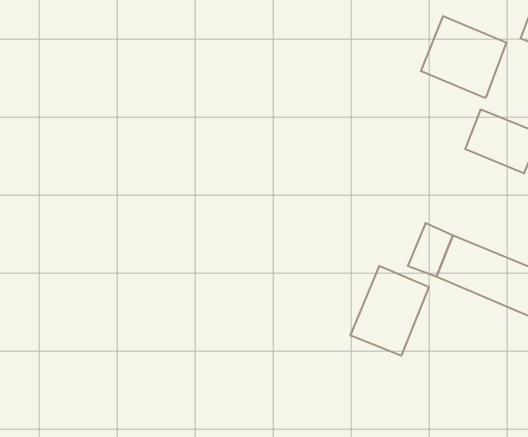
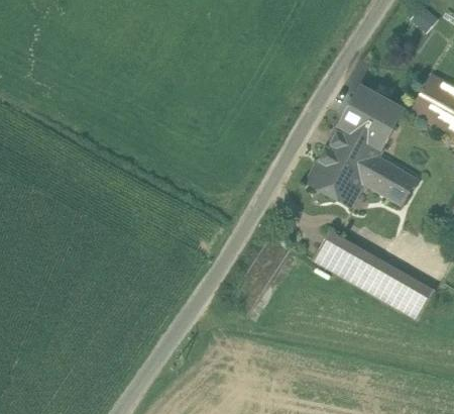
building: none -> [310,123,382,204]
building: [350,266,429,356] -> none

